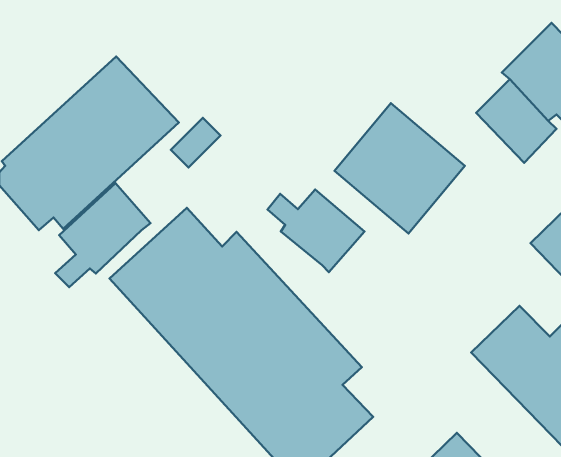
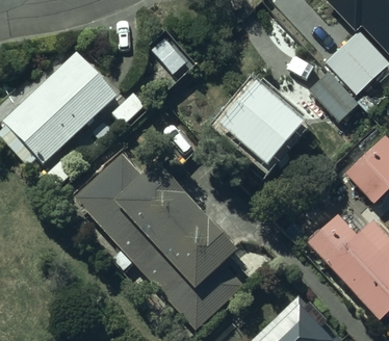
building: [55,183,150,287] -> none
building: [268,189,365,272] -> none

